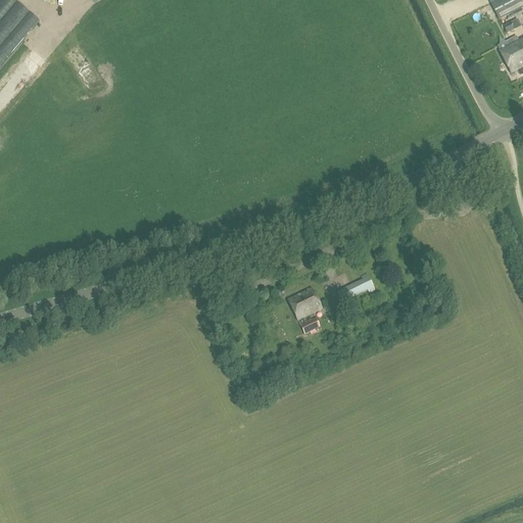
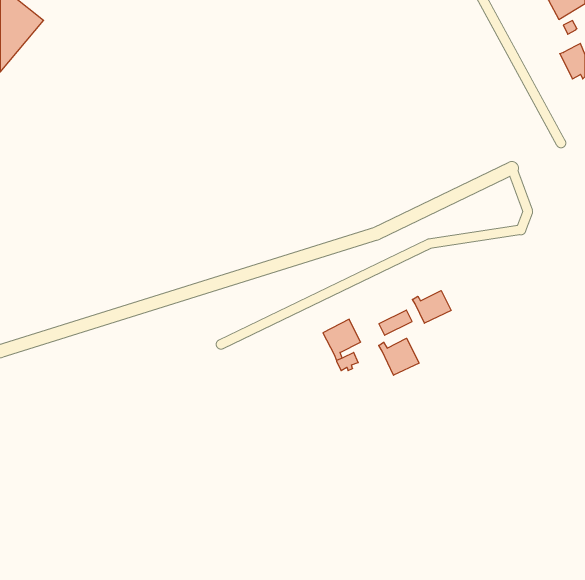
building: none -> [412,291,451,323]
building: none -> [379,338,419,375]

